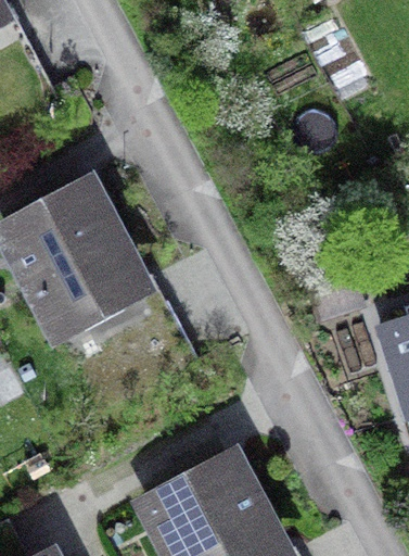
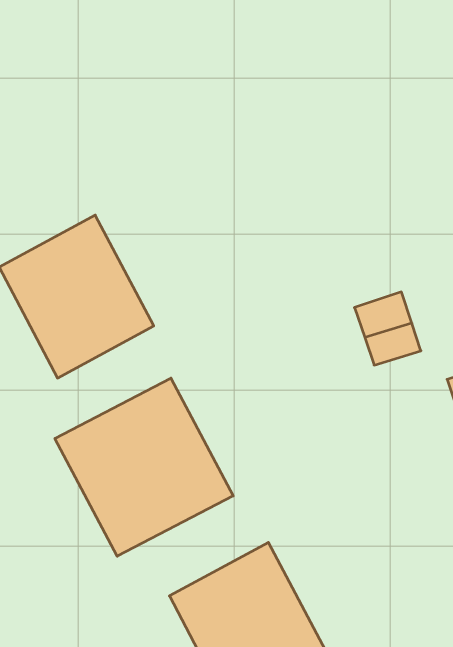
building: none -> [55,378,233,556]

